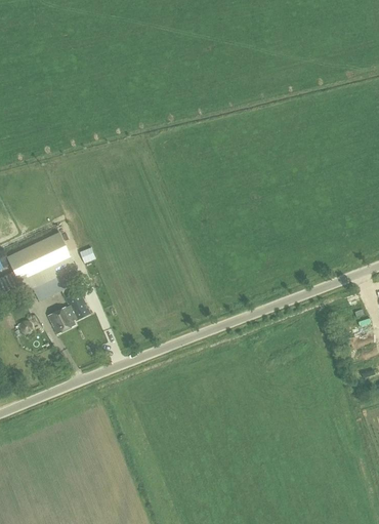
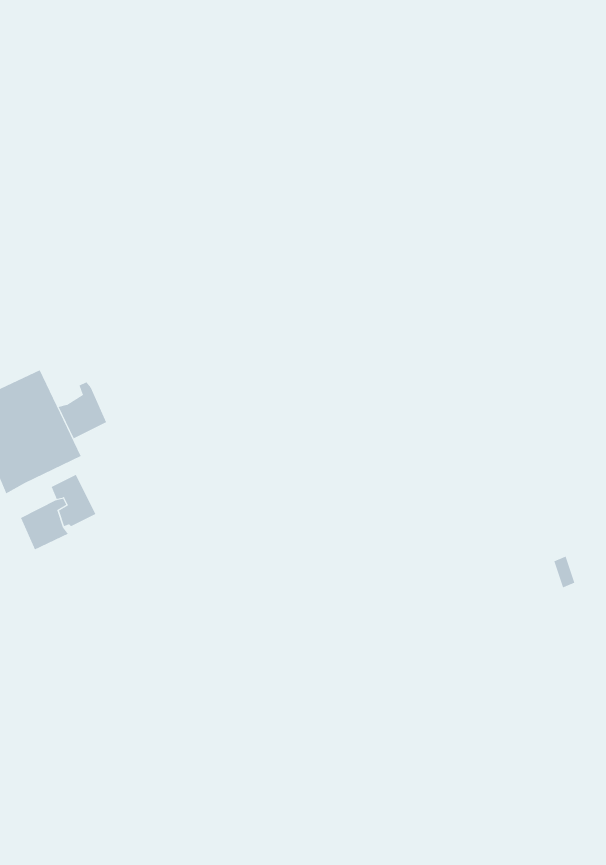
building: none -> [58,382,107,439]

